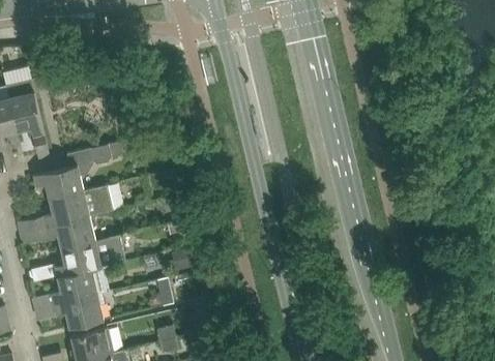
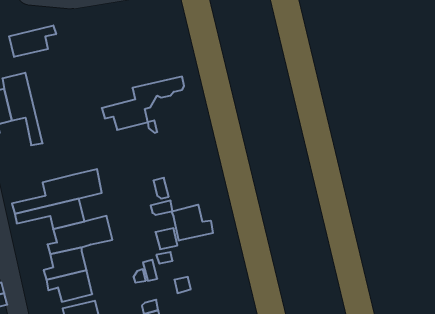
building: none -> [9,25,56,57]
building: [32,141,121,199] -> [102,77,184,130]
building: none -> [172,205,213,241]

